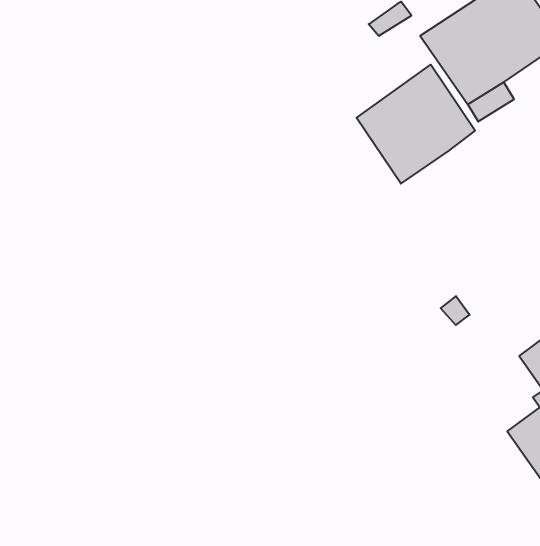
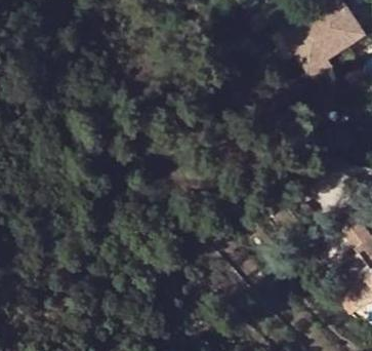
building: [357,65,475,184] -> none

